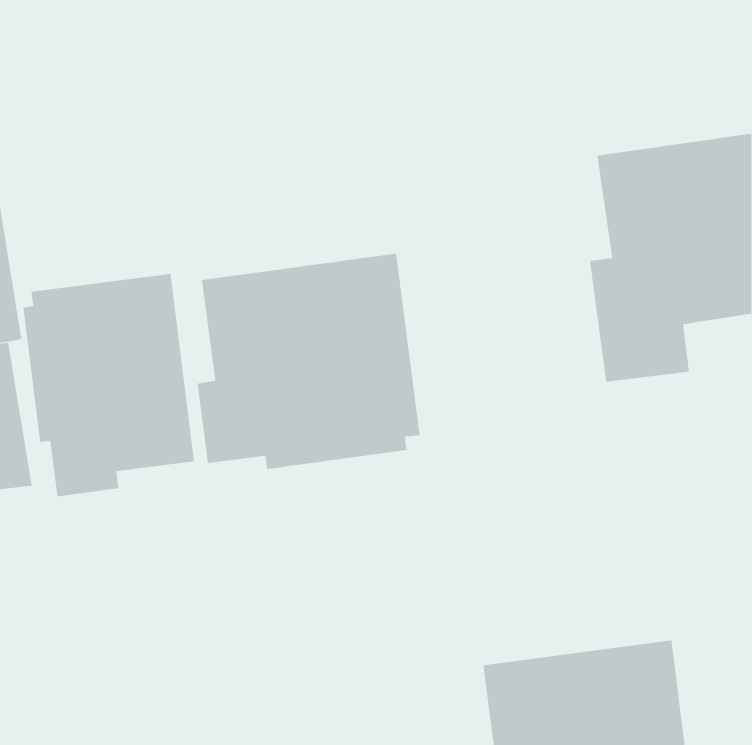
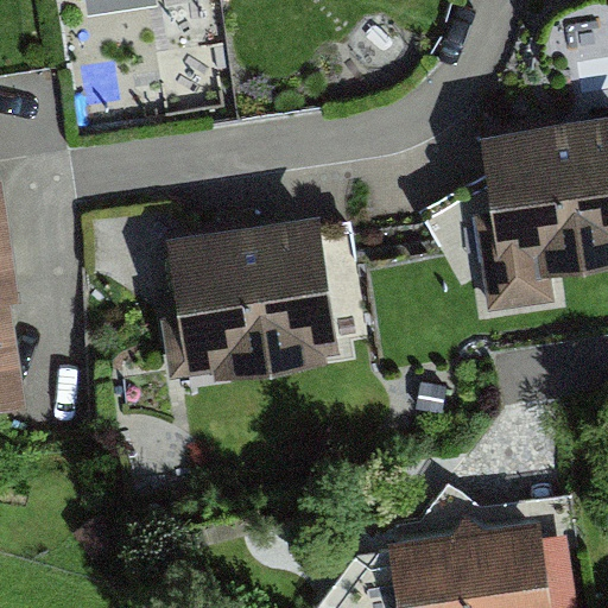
building: [23,273,194,497] -> none

